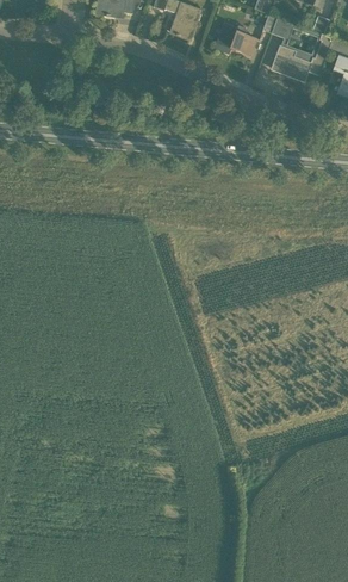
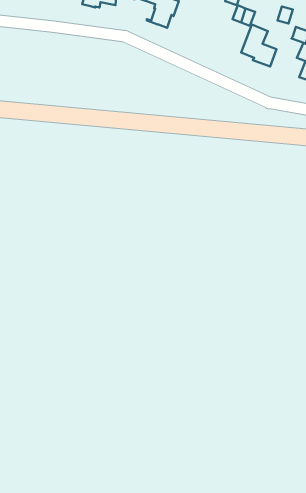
building: [215,24,256,55] -> none

